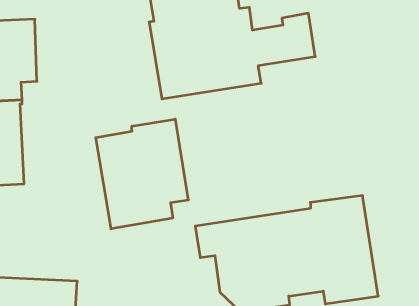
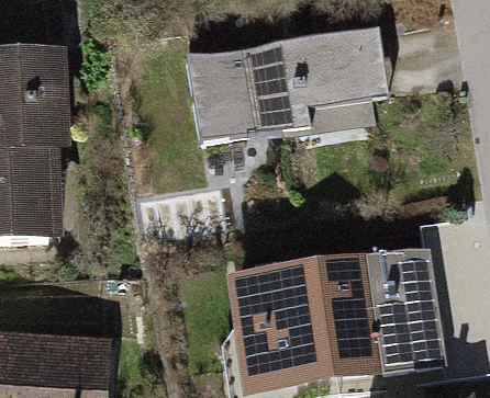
building: [96,119,188,229] -> none

